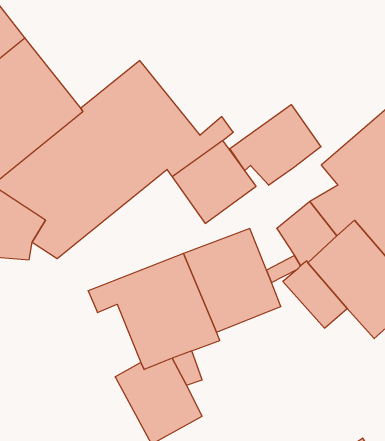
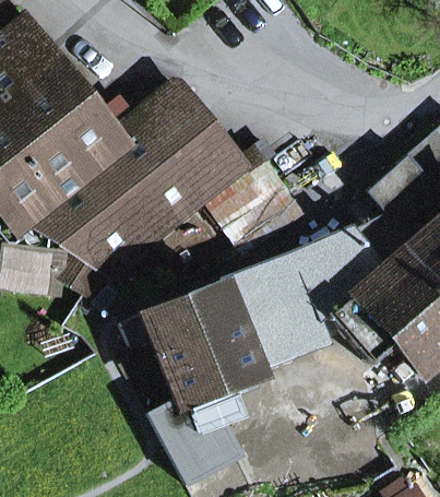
building: [230,105,321,185] -> none

